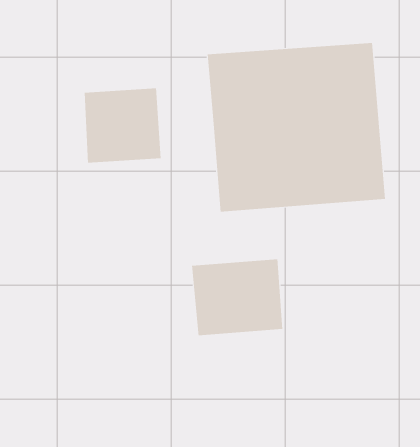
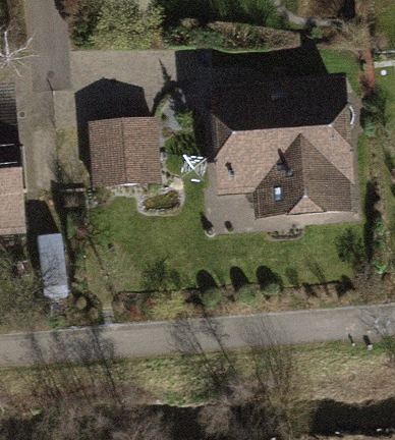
building: [191,258,283,336] -> none

